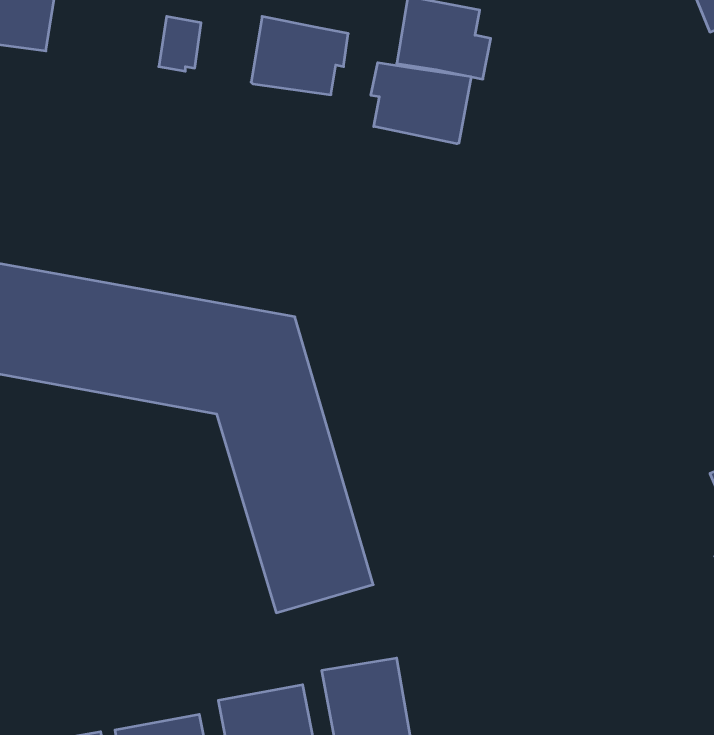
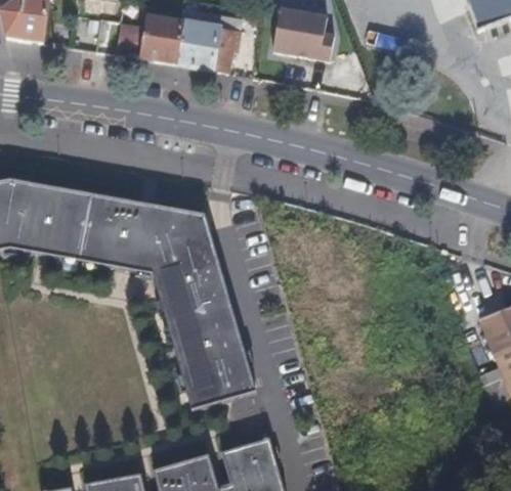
building: none -> [138,11,183,60]
building: [371,63,471,144] -> none

